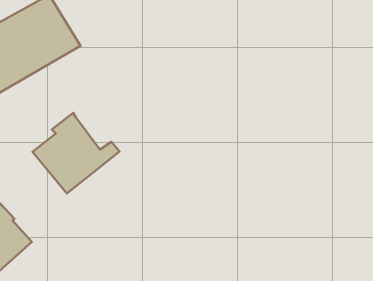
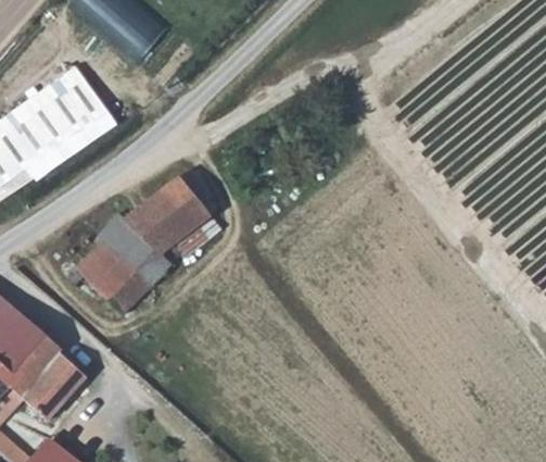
building: none -> [122,174,208,253]

